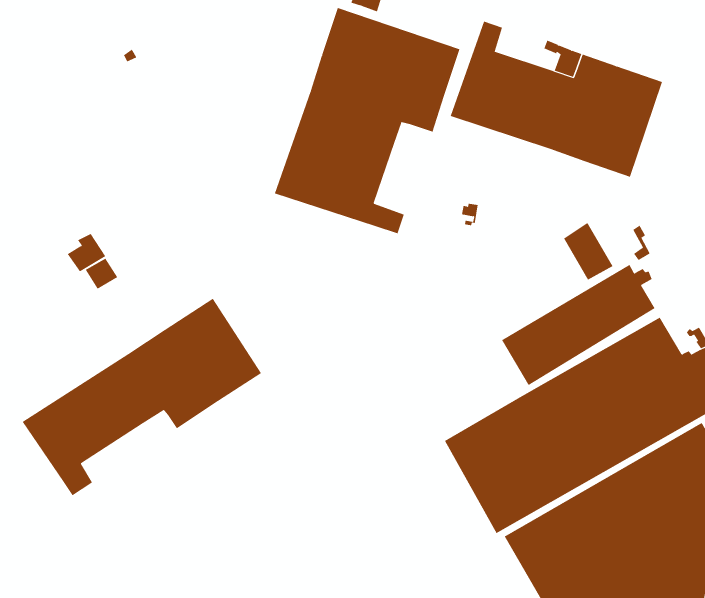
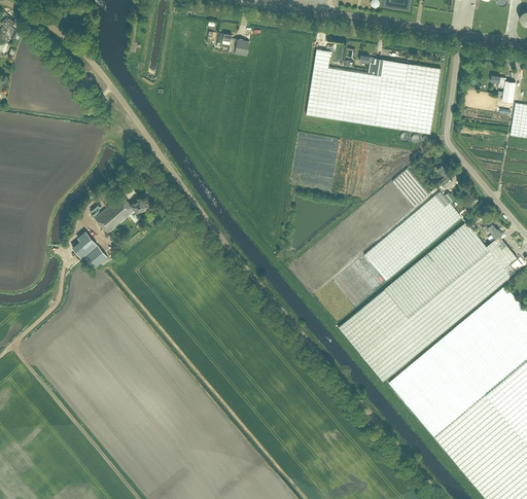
building: [274,7,460,234] -> none
building: none -> [95,193,148,233]
building: [22,298,262,496] -> none

